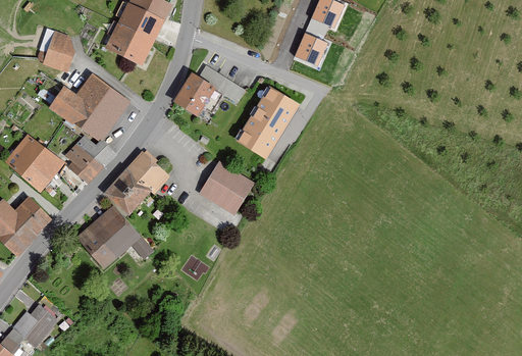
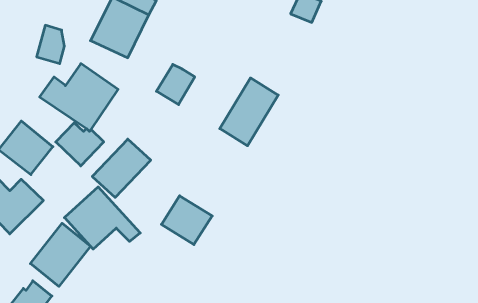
building: [298,35,330,66] -> none
building: [199,65,248,104] -> none
building: [199,162,253,214] -> [161,196,212,245]
building: none -> [30,223,91,286]

